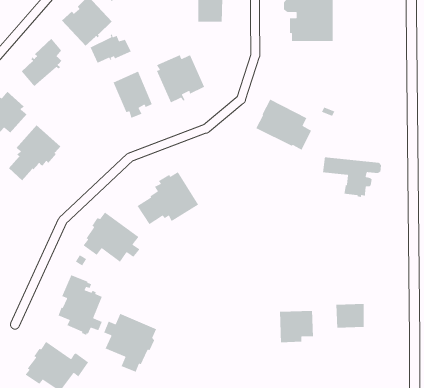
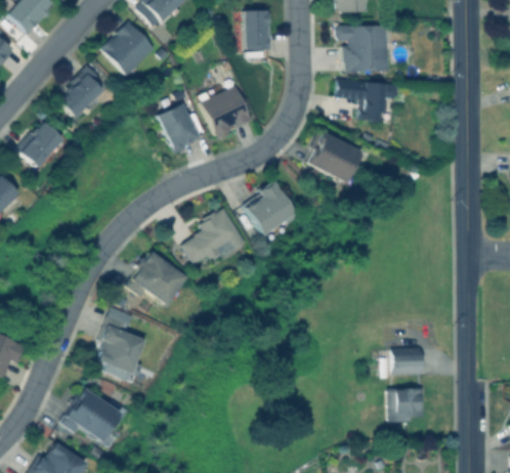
building: [89,33,132,64] -> none
building: [8,124,61,181] -> none
building: none -> [242,179,298,241]
building: [322,156,382,198] -> [335,79,398,123]
building: [279,310,314,343] -> [387,388,424,423]
building: [103,313,157,373] -> none

